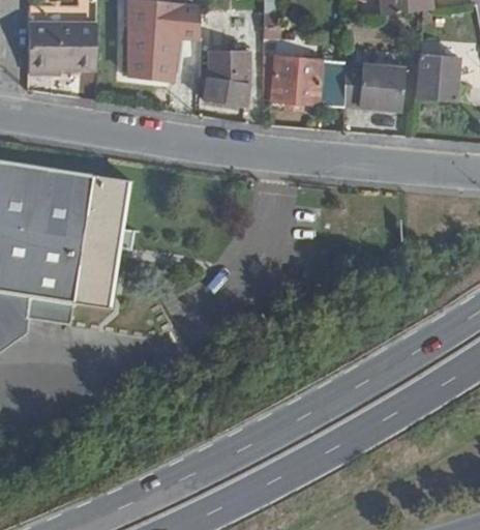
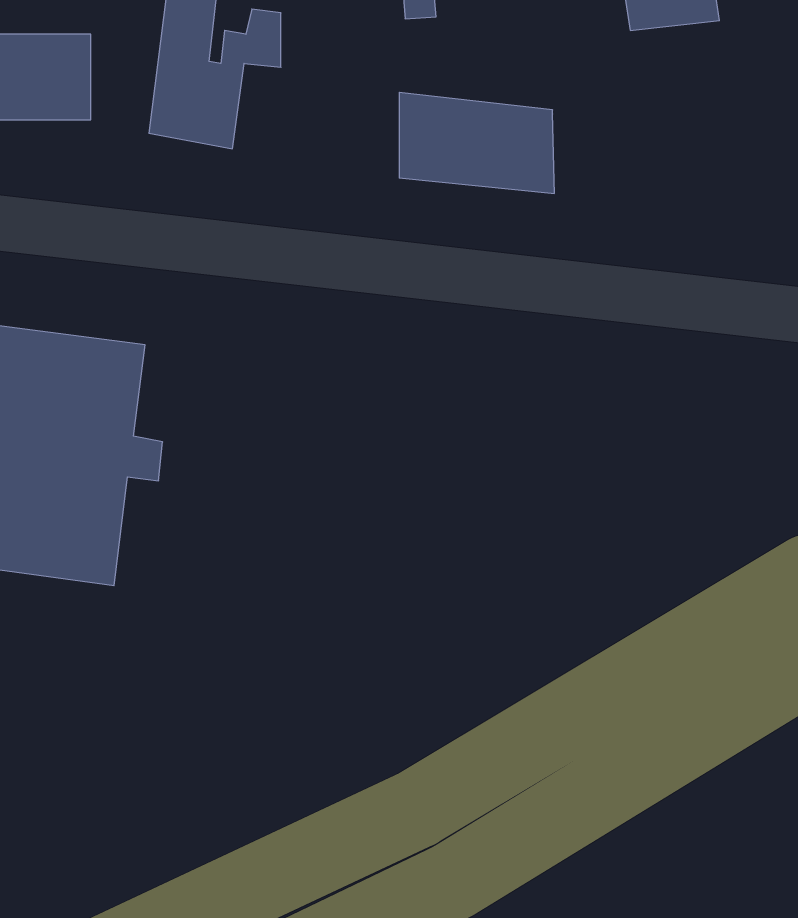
building: [203,50,251,102] -> none
building: [416,56,463,102] -> none
building: [342,62,411,112] -> none

